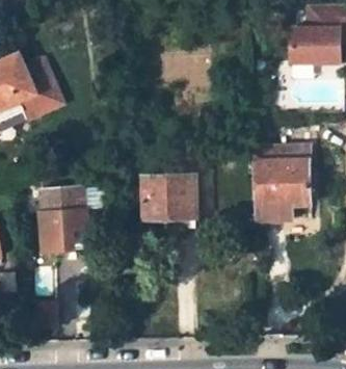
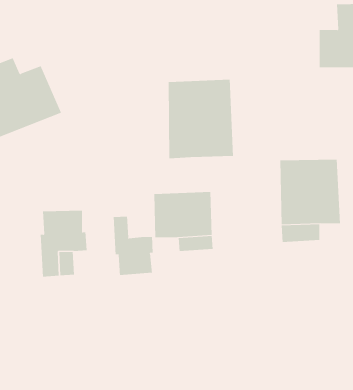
building: none -> [168,79,233,159]
building: none -> [113,216,153,276]

